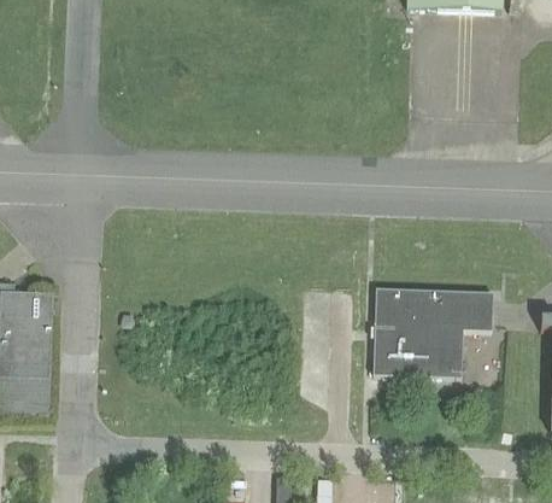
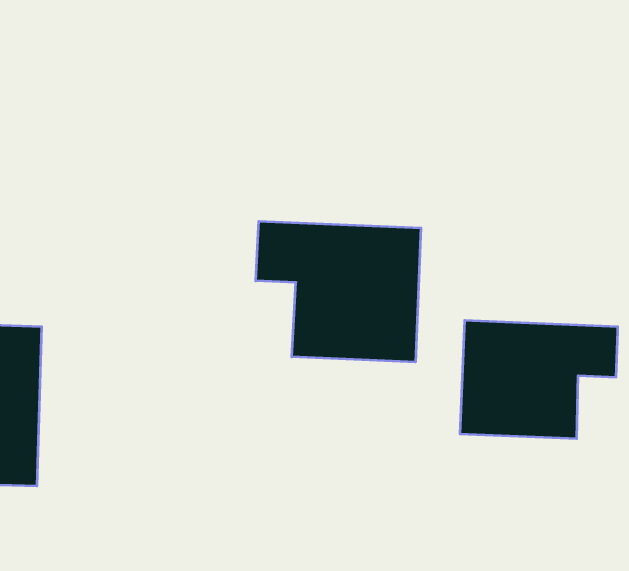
building: none -> [256,221,421,362]

